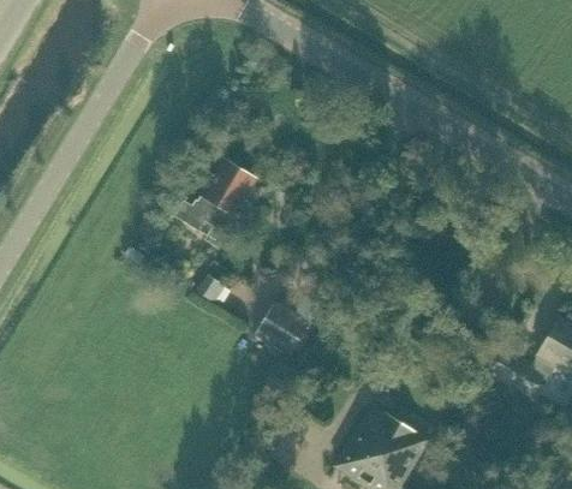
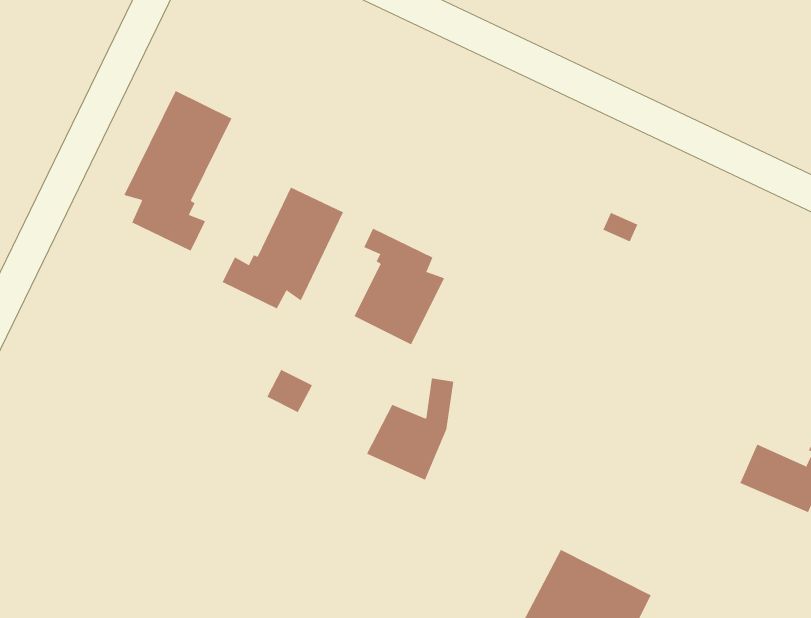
building: none -> [124,90,232,252]
building: none -> [354,228,445,345]

